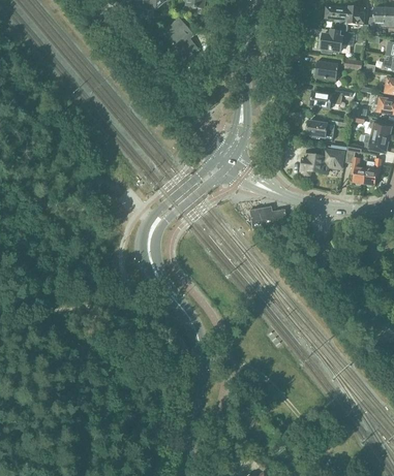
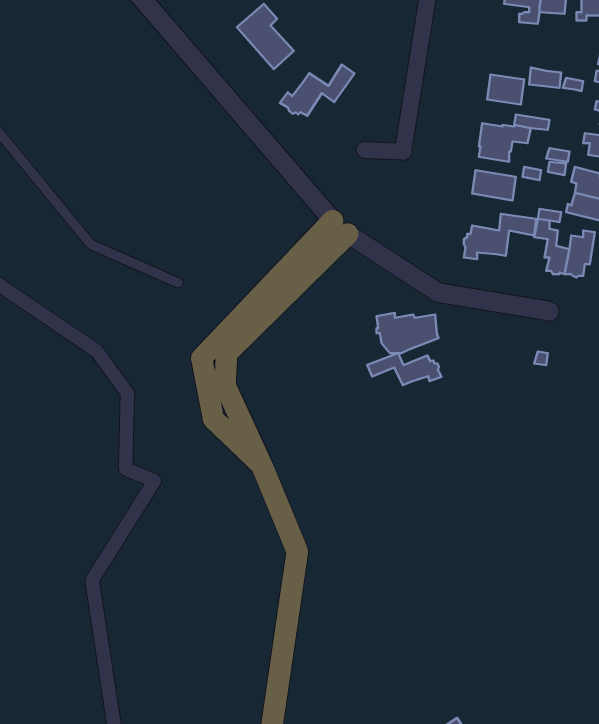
building: [321,28,354,53] -> none
building: none -> [280,65,354,116]
building: none -> [367,353,442,385]

